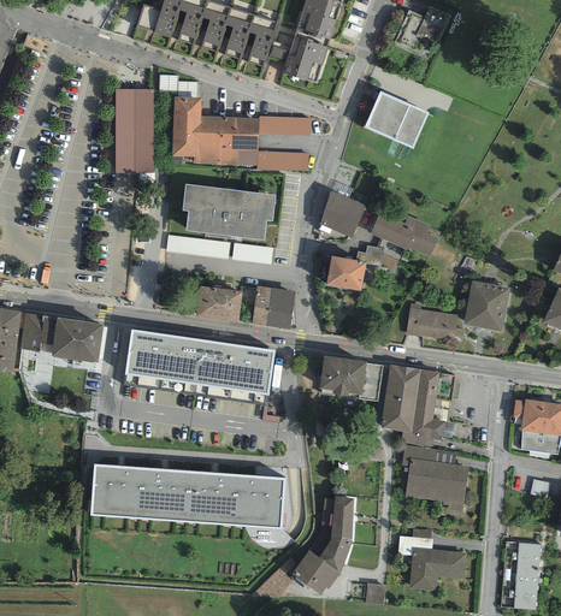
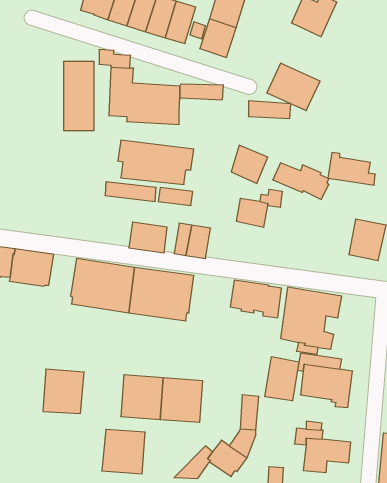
building: [256,149,308,171] -> [248,101,291,118]
building: [406,302,463,342] -> [328,153,375,185]
building: none -> [265,357,299,401]
building: [136,467,189,521] -> [102,429,145,474]

